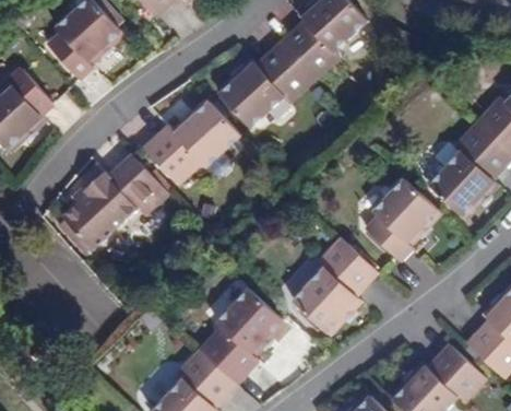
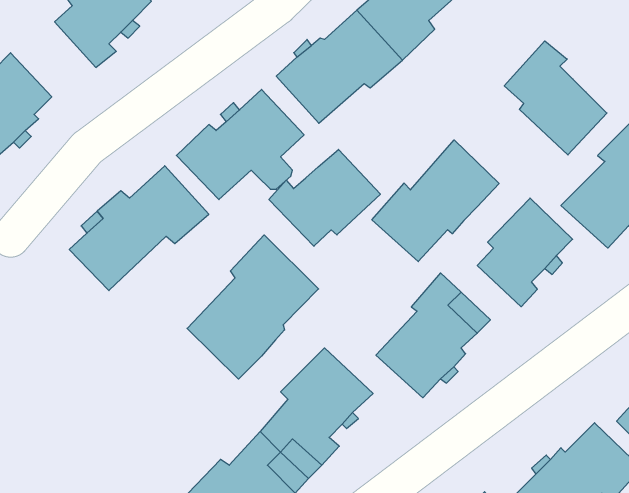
building: none -> [504,41,607,155]
building: none -> [372,140,499,262]
building: none -> [269,149,380,246]
building: none -> [187,235,319,379]

